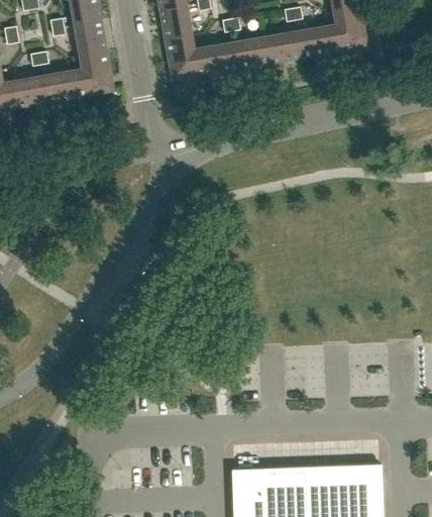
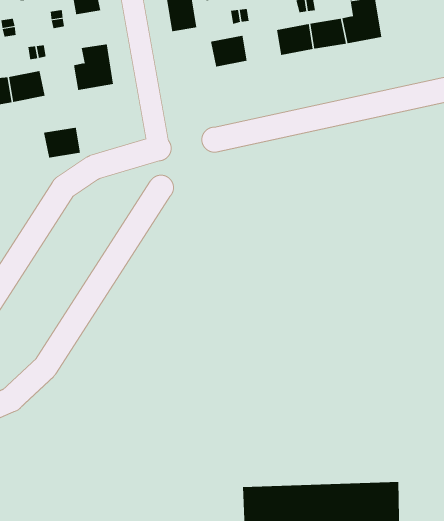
building: [75,18,105,54] -> none
building: [166,34,207,77] -> none
building: [233,36,268,66] -> none
building: [41,70,77,99] -> [43,127,81,158]

